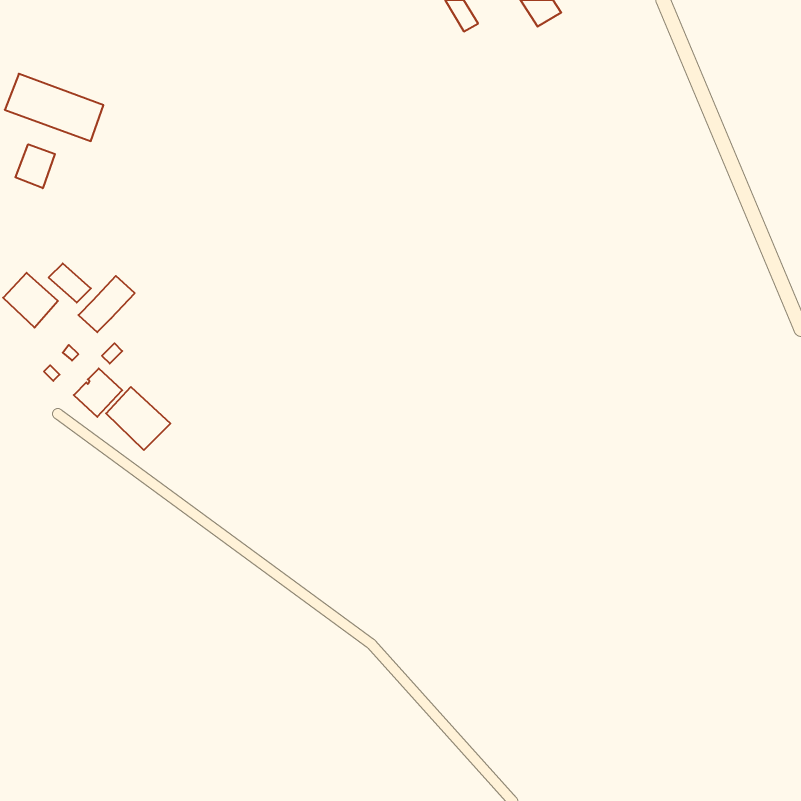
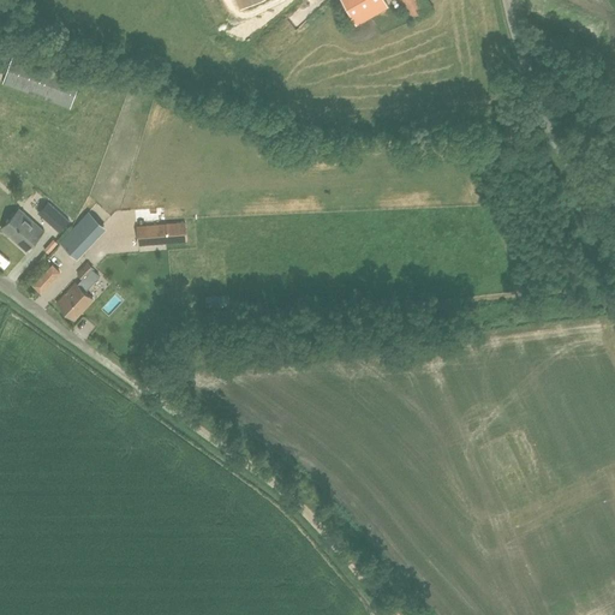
building: [15,144,55,188] -> none
building: none -> [138,222,187,244]
building: [106,387,170,450] -> none

